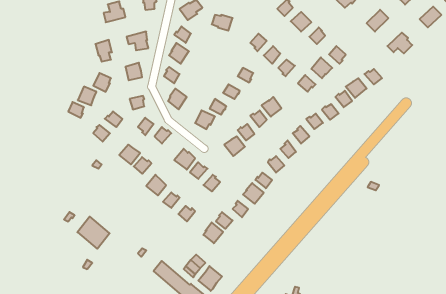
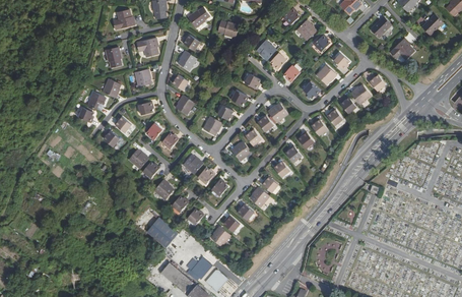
building: [77,217,110,249] -> [142,214,174,245]

